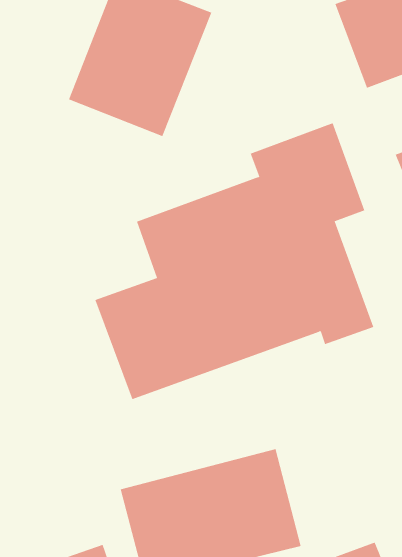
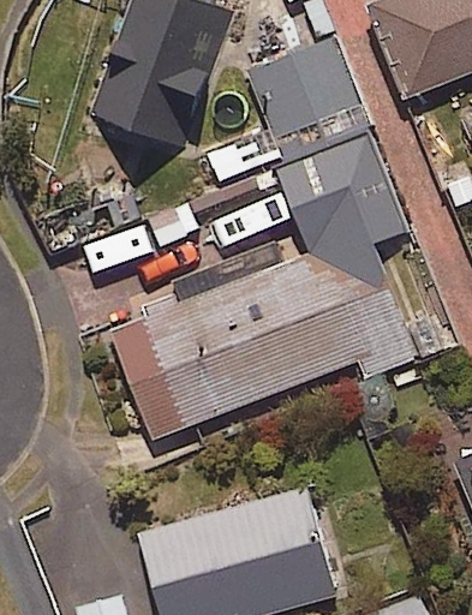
building: none -> [245,40,371,168]

